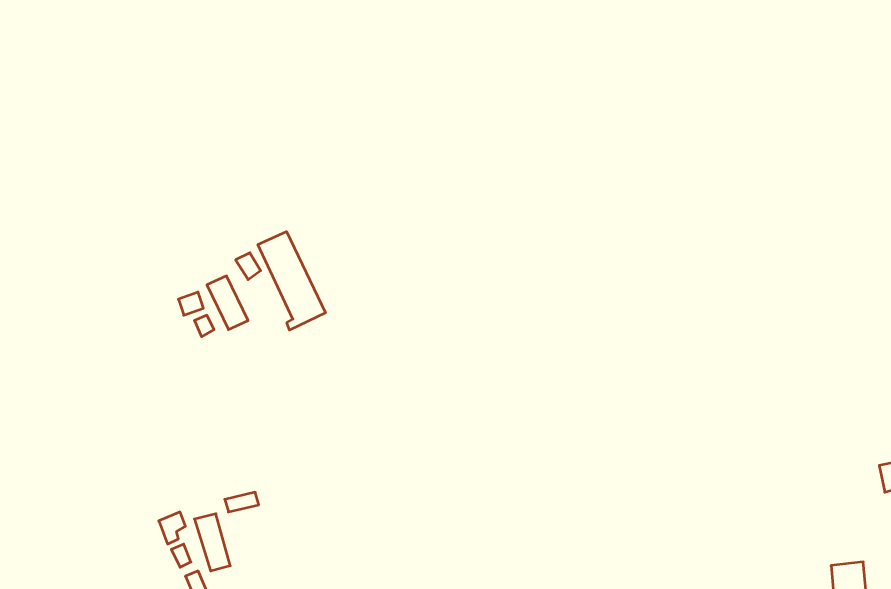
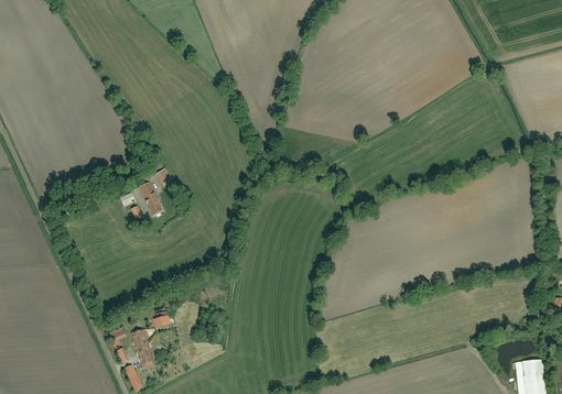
building: [258,232,325,330] -> none

